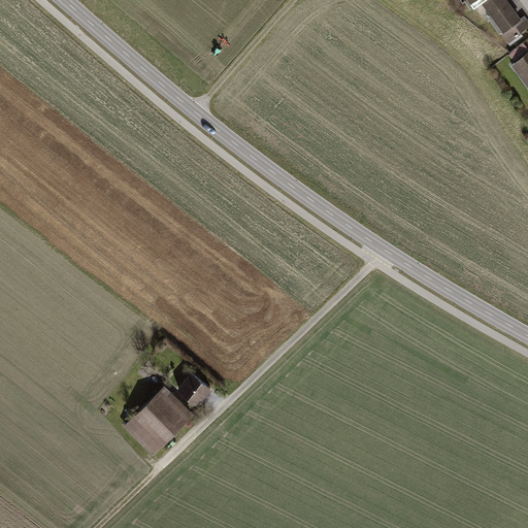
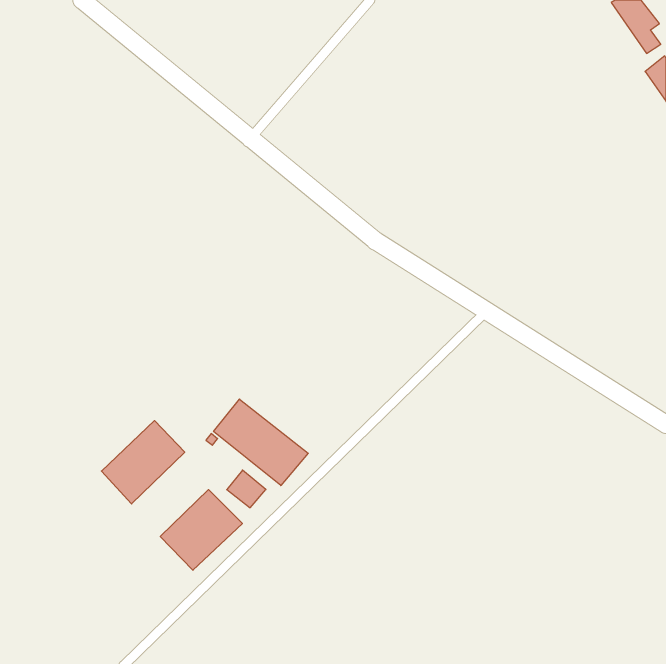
building: none -> [214,399,308,486]
building: none -> [101,421,185,504]

